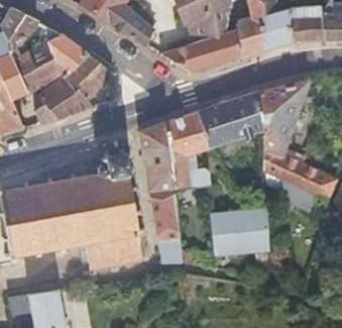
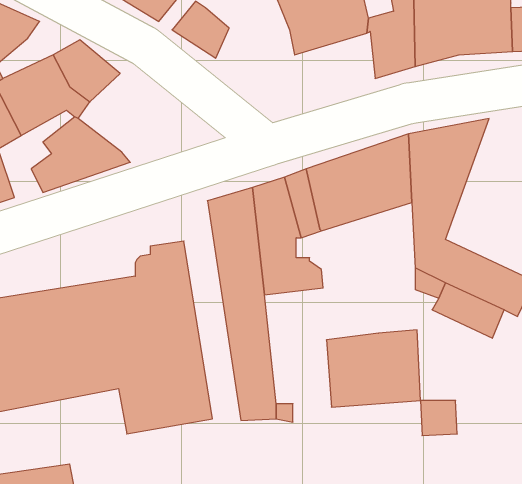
building: [162,28,241,72] -> none
building: [63,53,113,101] -> none

